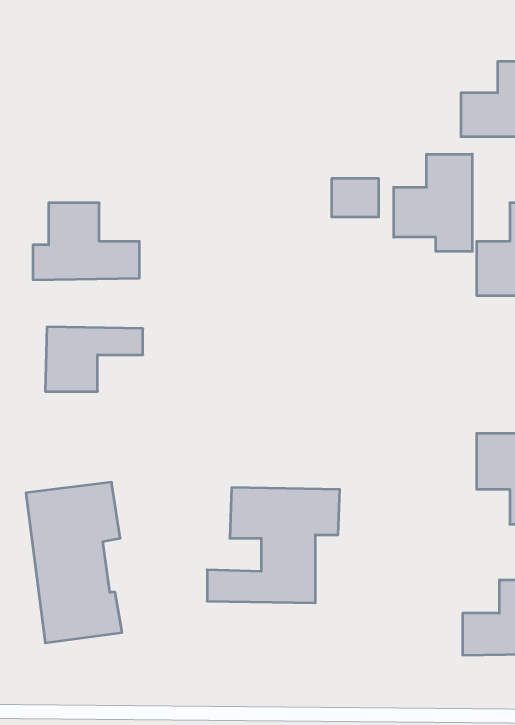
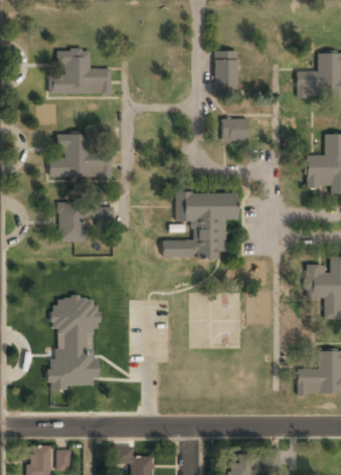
building: none -> [48,49,113,95]
building: none -> [215,51,236,94]
building: [394,154,472,251] -> none
building: [207,488,340,603] -> [161,193,237,260]

